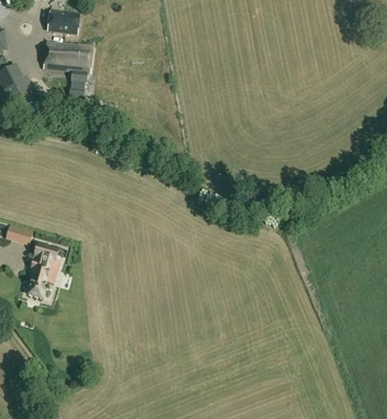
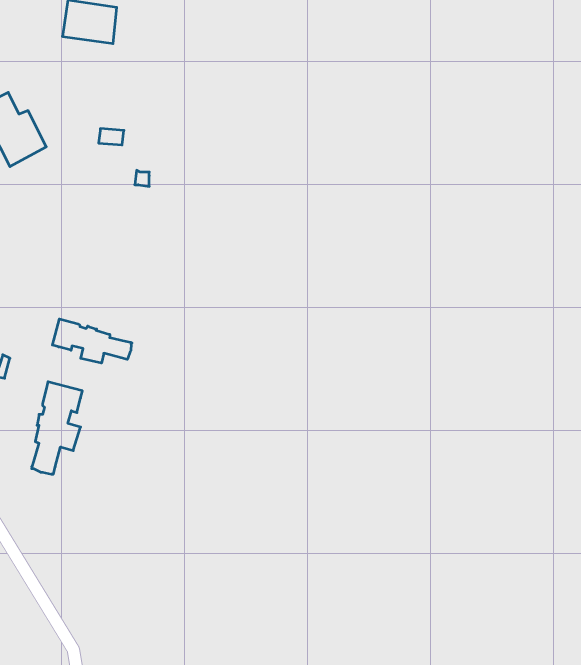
building: [44,41,93,82] -> none
building: none -> [52,319,132,363]

